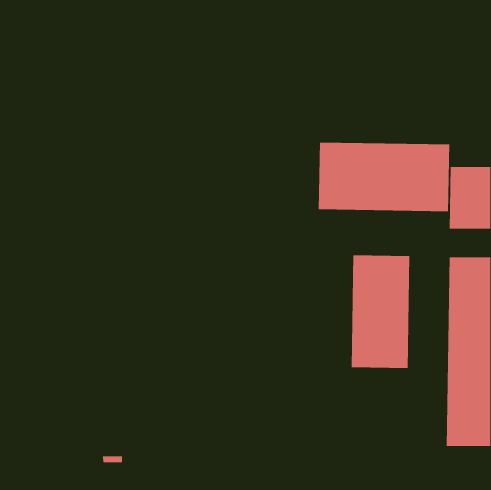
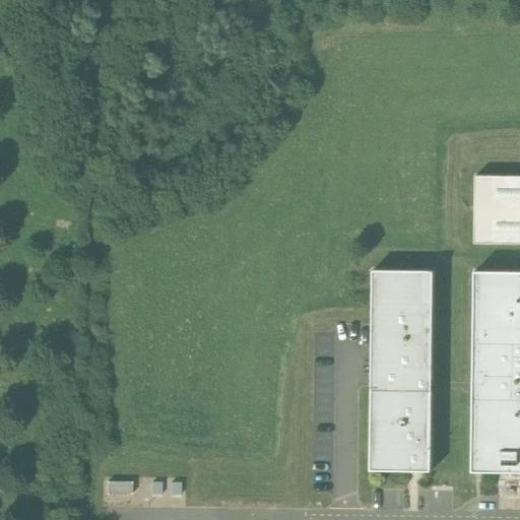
building: [318,142,450,212] -> none
building: none -> [370,389,432,471]

